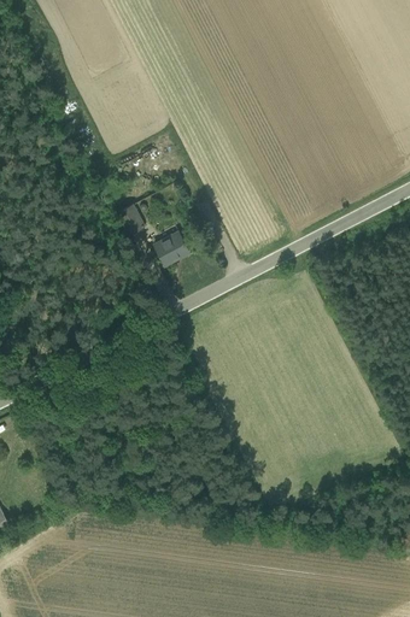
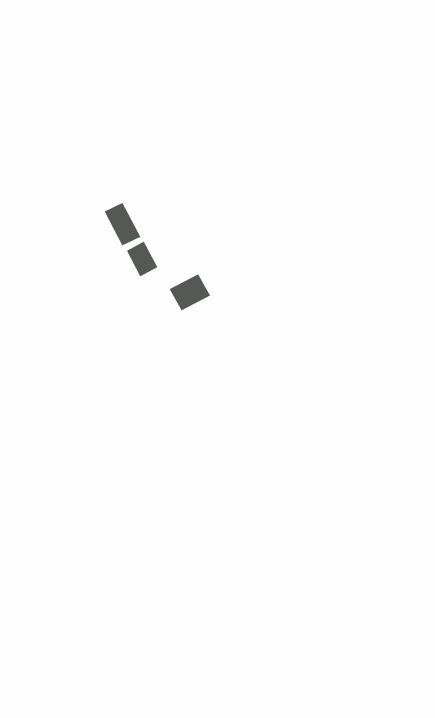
building: none -> [103,202,142,247]

